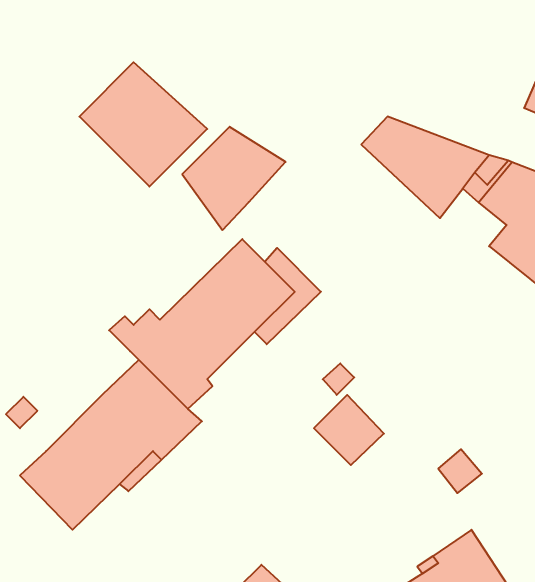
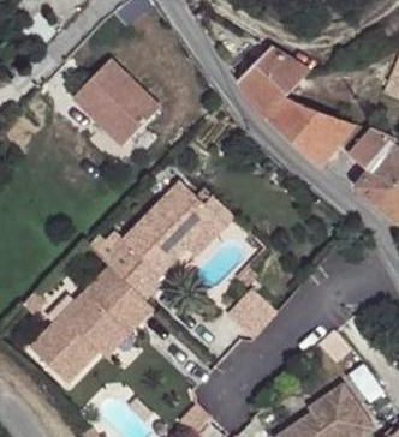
building: [182,127,286,230] -> [239,48,310,119]

